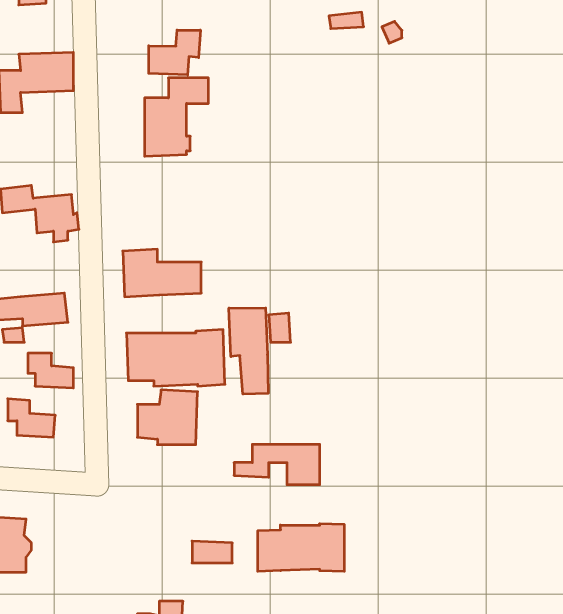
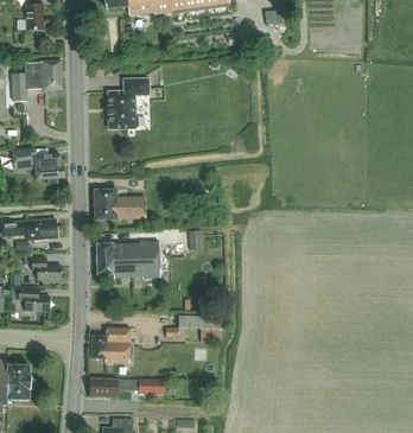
building: [149,30,200,75] -> none
building: [229,308,268,394] -> none
building: [137,390,198,445] -> [91,327,131,363]
building: [258,524,344,571] -> none
building: none -> [90,380,132,396]

